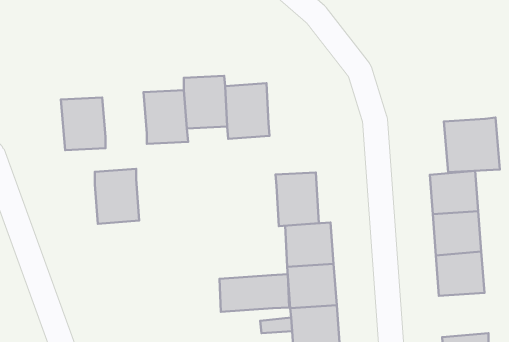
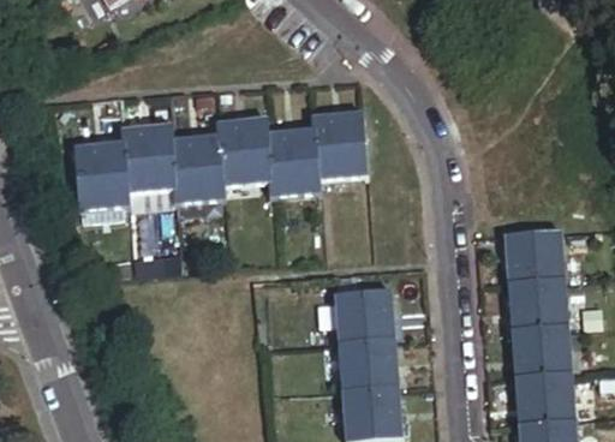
building: [444,117,500,172] -> none
building: [95,169,139,224] -> [125,127,177,191]
building: [276,172,319,226] -> [315,113,365,175]
building: [219,274,289,312] -> none
building: none -> [517,372,574,424]

